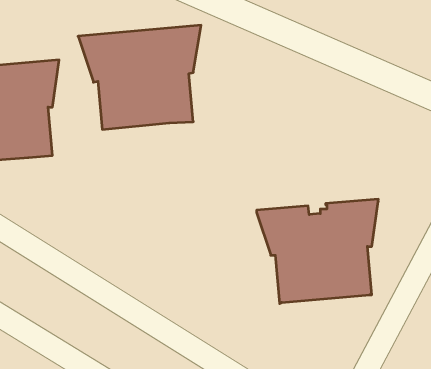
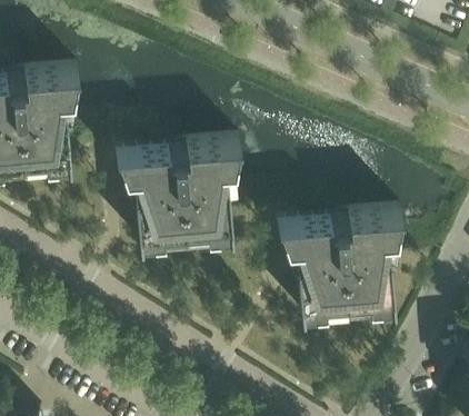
building: [78,25,201,129] -> [114,136,239,241]

